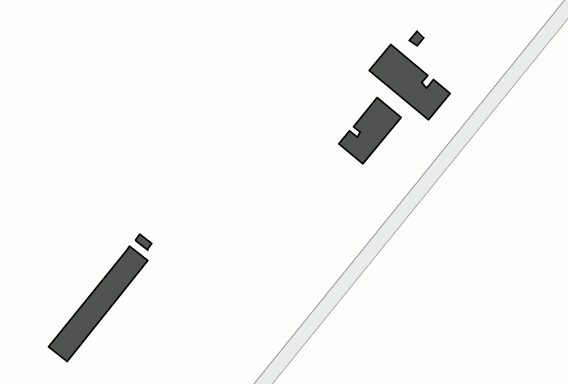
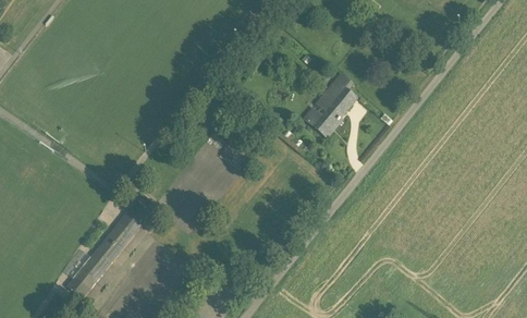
building: [369,44,450,120] -> none

